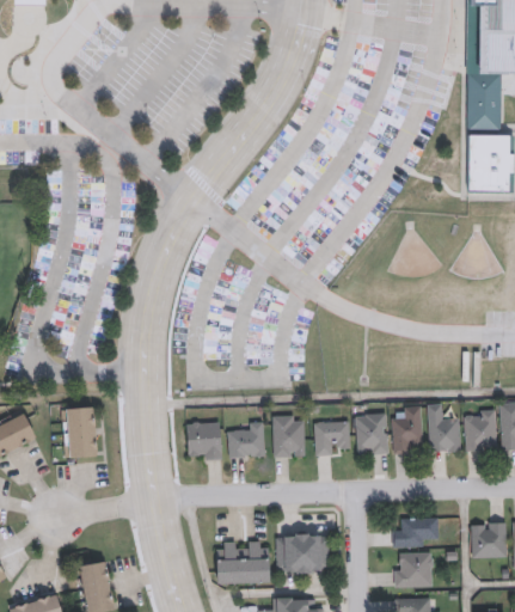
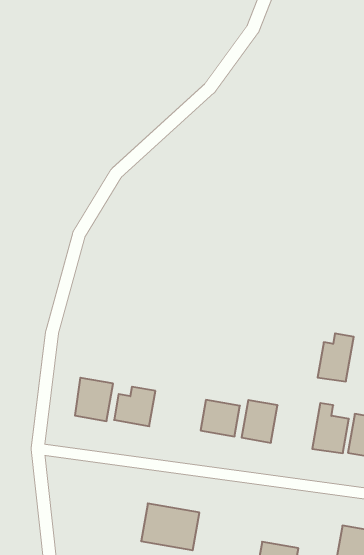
building: [393,406,422,453] -> [318,333,354,381]
building: [274,415,305,455] -> none
building: [394,518,437,546] -> none
building: [216,541,269,582] -> none

